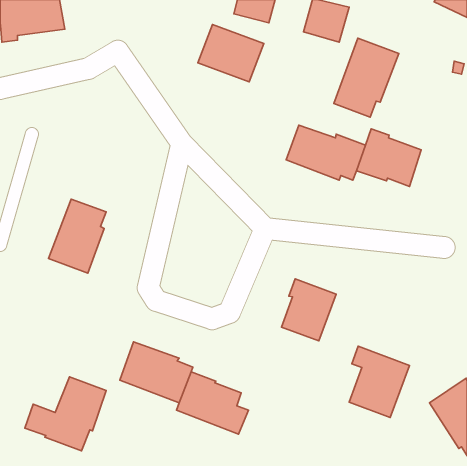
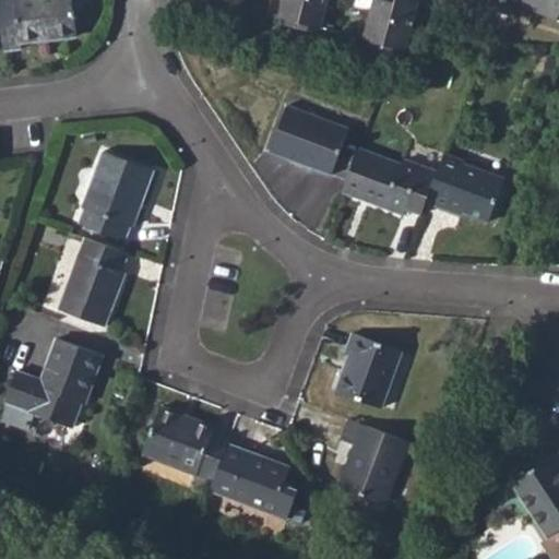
building: [198,24,264,82] -> [270,106,348,175]
building: [334,38,399,117] -> none
building: none -> [80,153,152,240]
building: [349,346,409,418] -> [337,419,409,504]
building: [25,377,106,451] -> [4,340,102,428]

